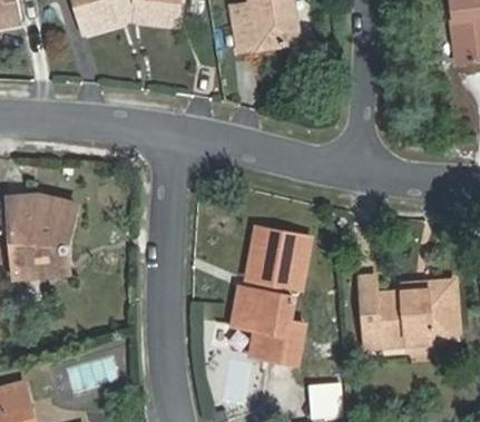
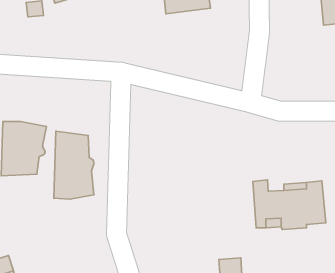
building: none -> [54,131,94,199]
building: [232,227,308,363] -> none

